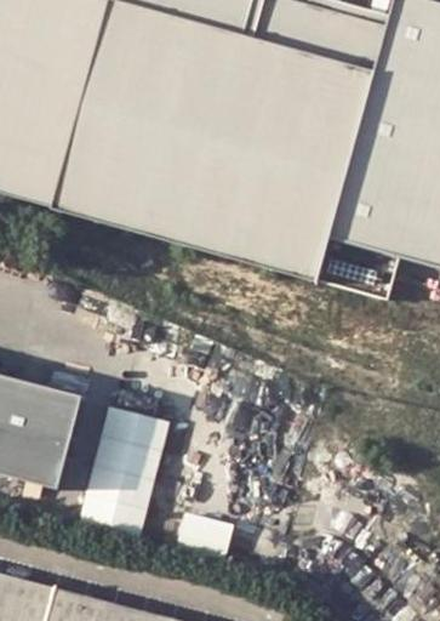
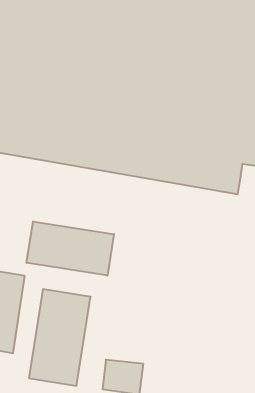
building: none -> [27,221,114,276]

